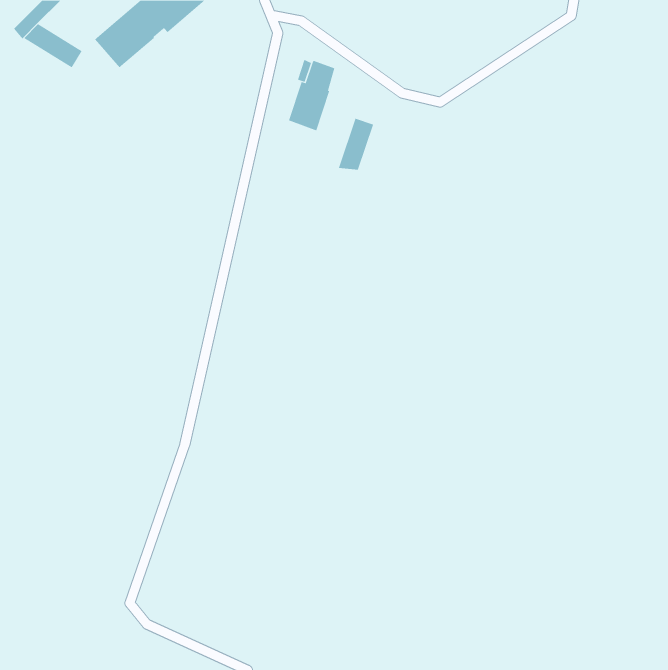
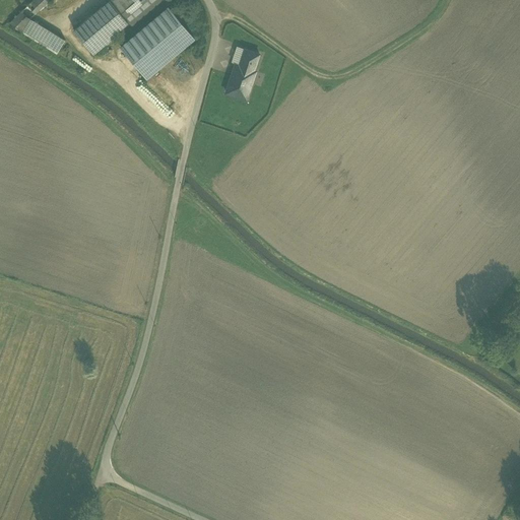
building: none -> [120,7,193,77]
building: [338,118,374,170] -> none

